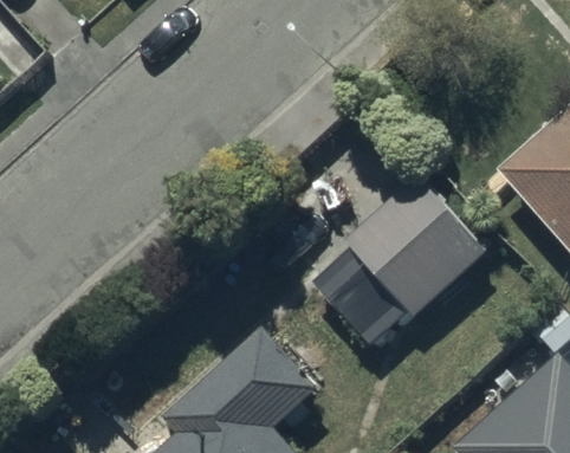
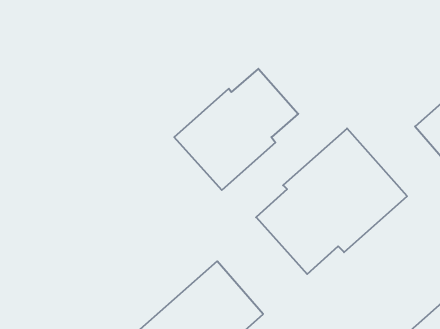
building: none -> [174,69,298,190]

